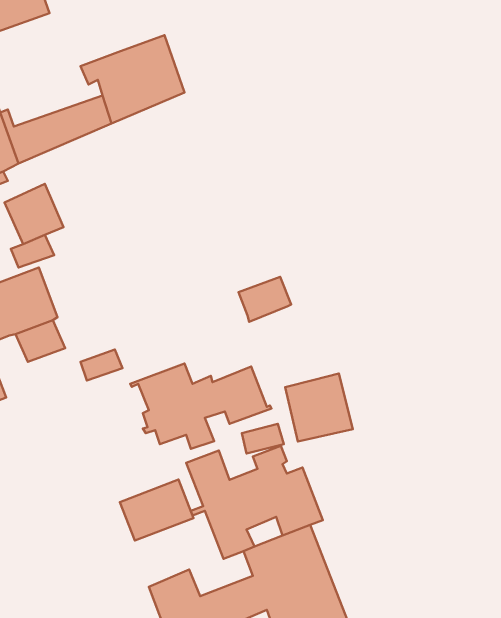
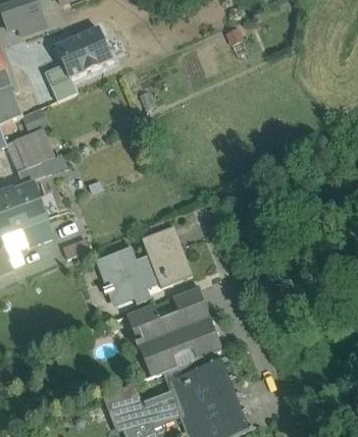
building: [238,277,291,322] -> [142,229,176,259]
building: [285,373,353,441] -> none
building: [120,480,193,541] -> none

